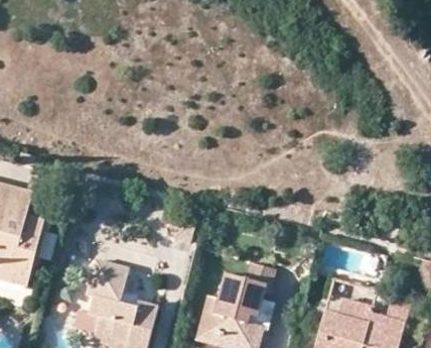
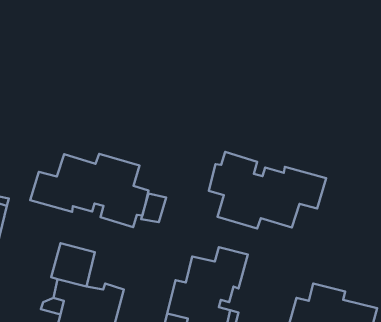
building: none -> [209,152,326,229]
building: none -> [30,154,149,227]

